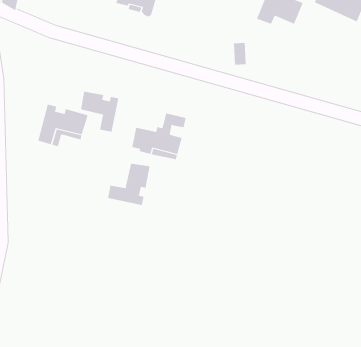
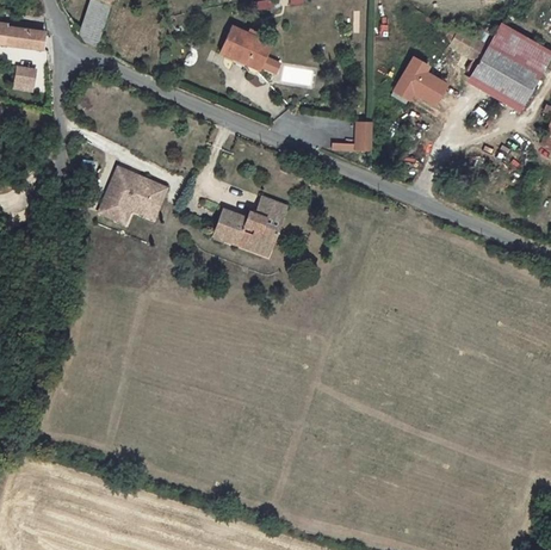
building: [81,91,119,133] -> none
building: [108,163,150,206] -> none

